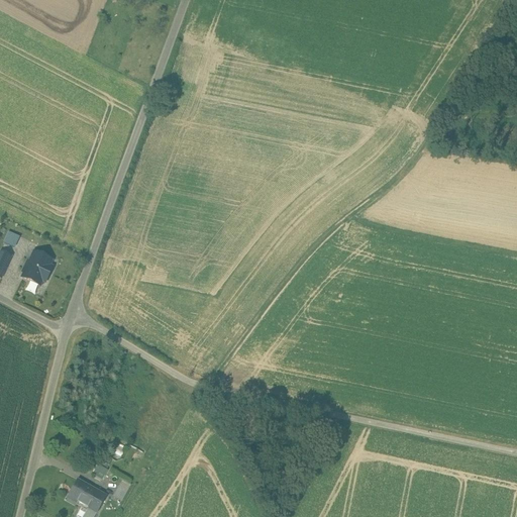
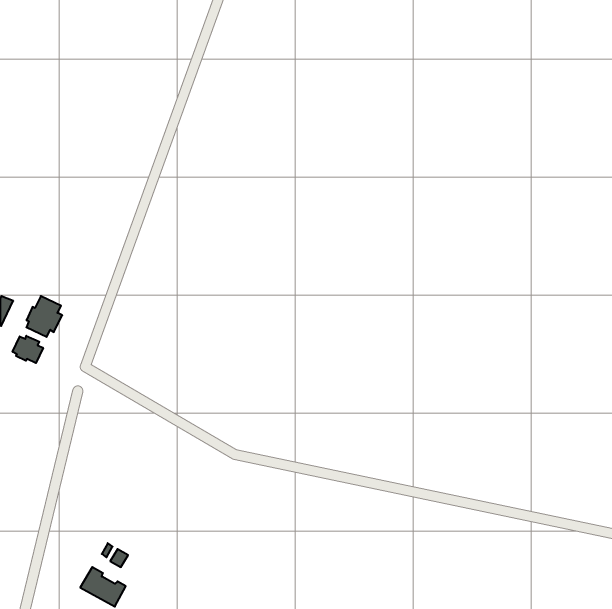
building: none -> [13,336,43,363]

